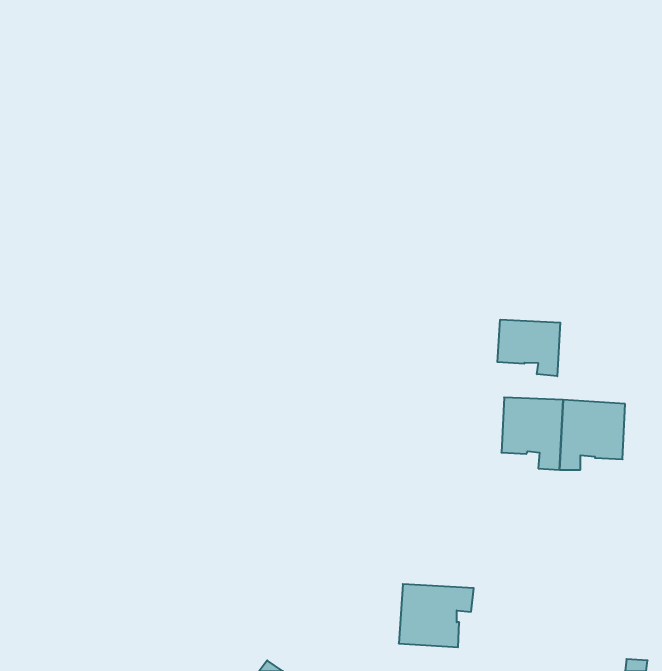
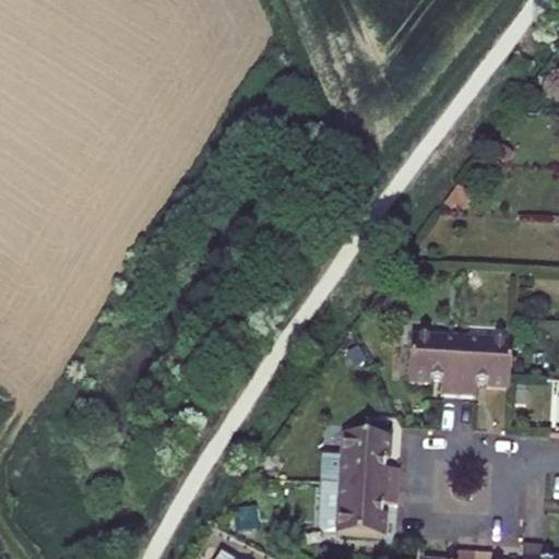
building: [497,320,560,376] -> none
building: none -> [334,437,393,488]

